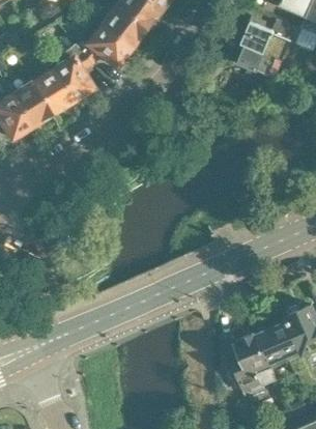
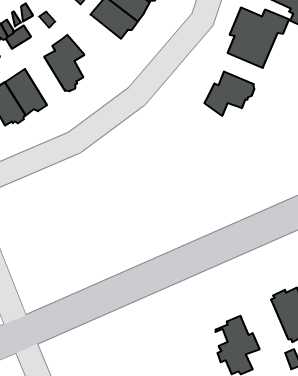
building: [75,16,130,65] -> none
building: [31,66,73,116] -> none
building: none -> [205,71,254,116]
building: [254,320,300,367] -> none

